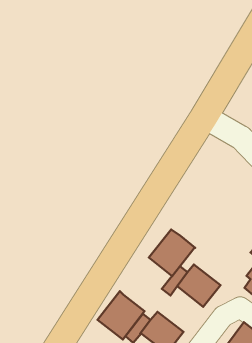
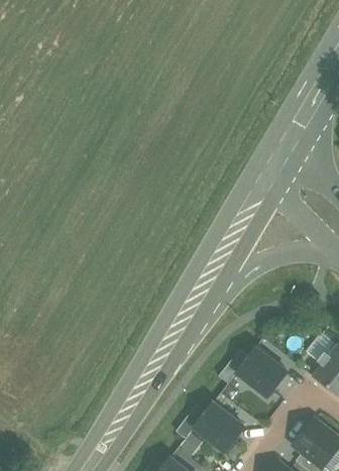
building: [149,229,195,276] -> none
building: [97,291,145,339] -> none

